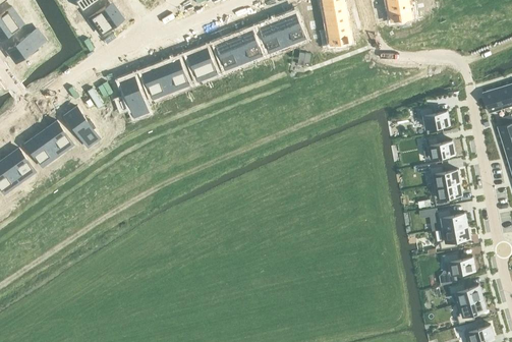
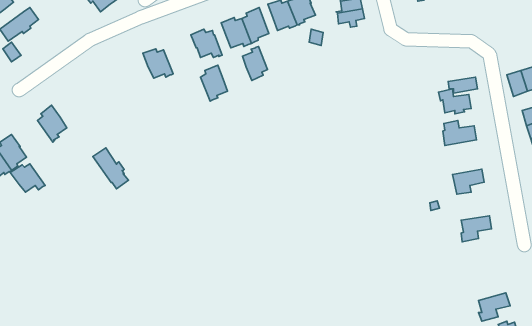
building: [162,58,187,92] -> [200,65,228,101]
building: none -> [243,46,267,81]
building: [119,76,148,116] -> none
building: [65,107,99,146] -> [93,148,129,189]
building: [25,135,58,162] -> [10,164,45,192]
building: [430,165,460,186] -> none
building: [438,208,467,229] -> none
building: [443,252,475,274] -> none
building: [449,282,482,304] -> none

